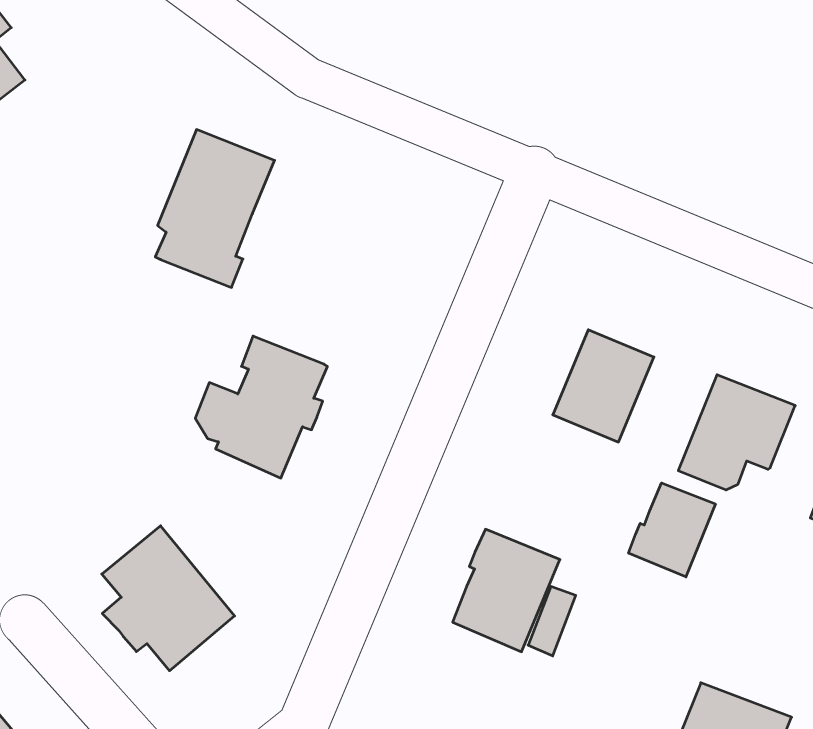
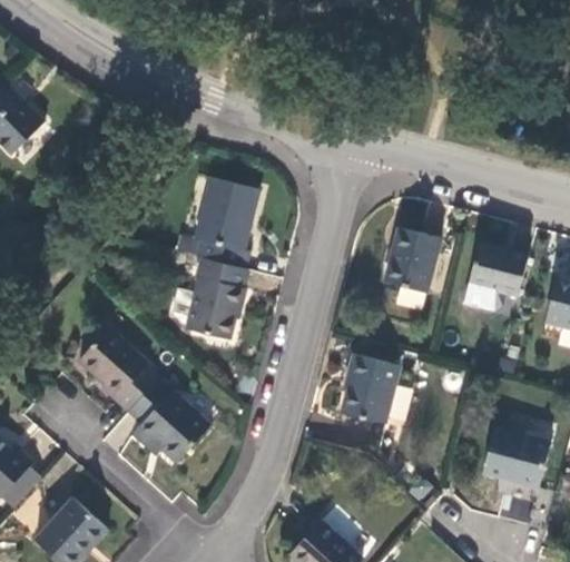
building: [155,130,275,287] -> [195,177,259,268]
building: none -> [78,328,161,411]
building: [629,483,715,577] -> none

